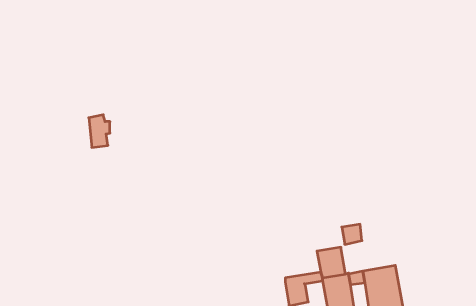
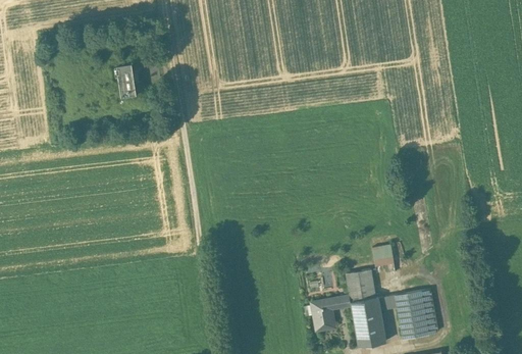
building: [89,115,110,147] -> [119,64,142,99]

